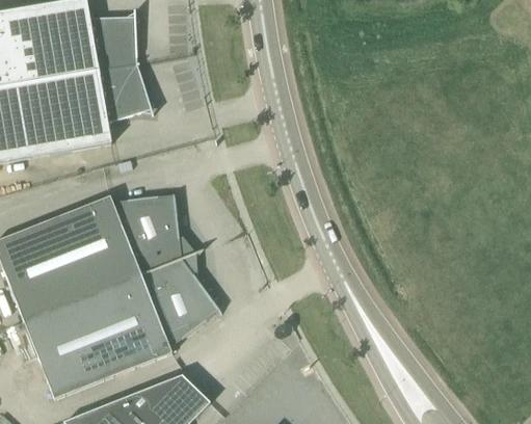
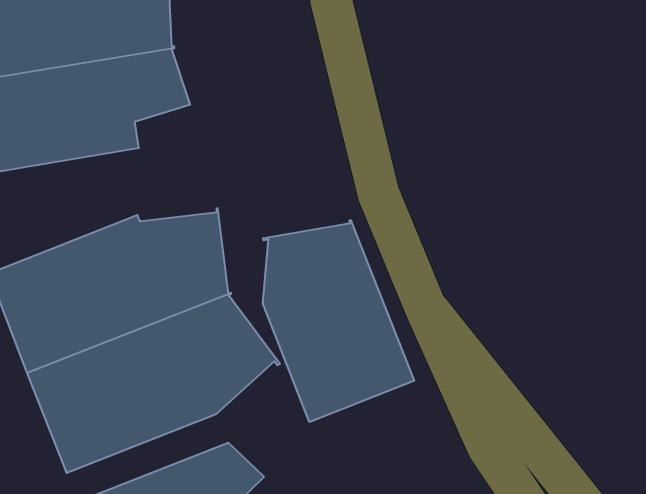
building: none -> [263,220,414,422]

